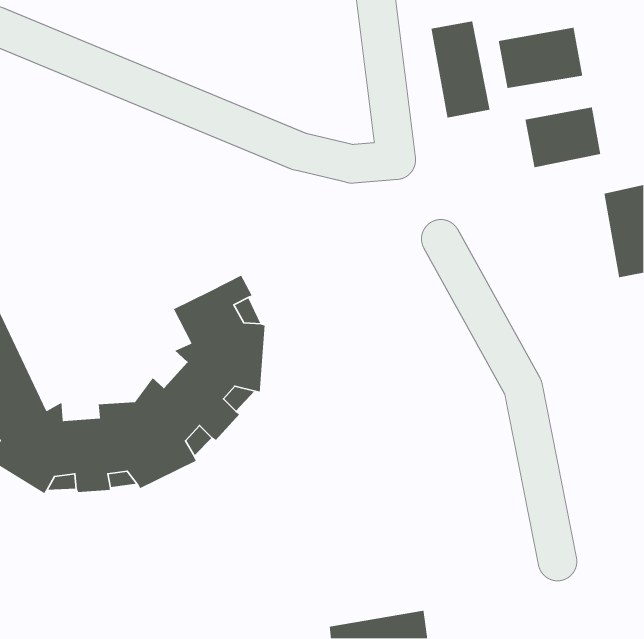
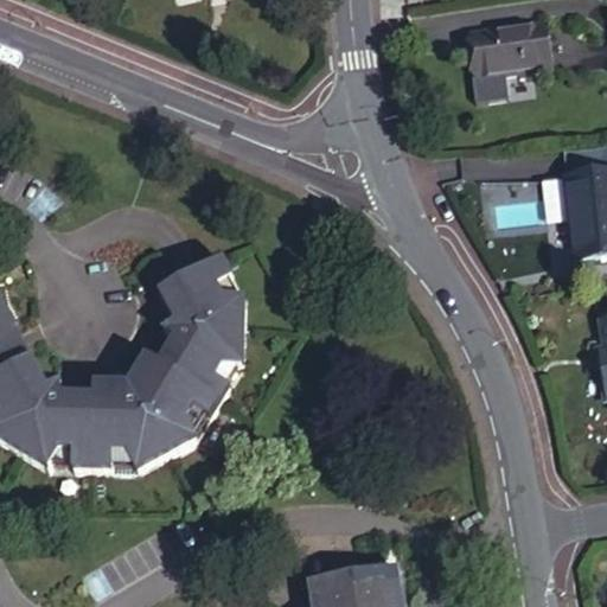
building: [430,20,490,118] -> none
building: [525,107,601,168] -> none

